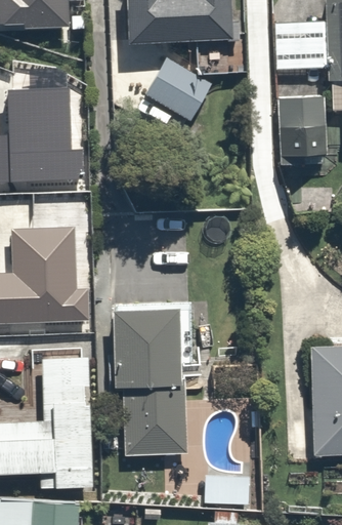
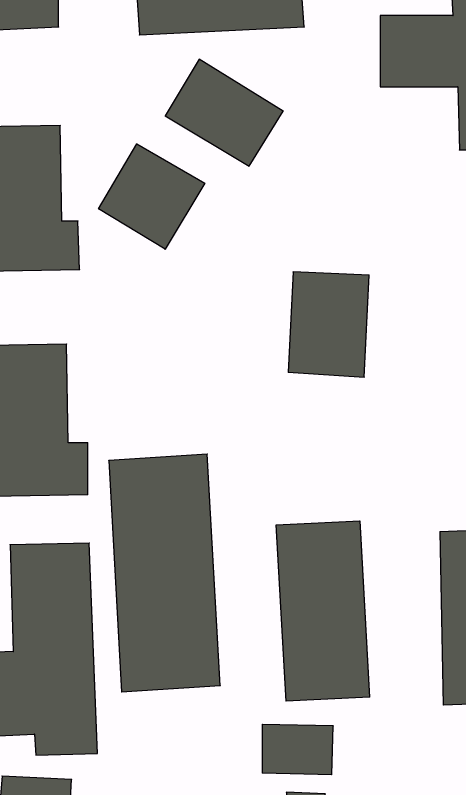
building: [271,91,323,158] -> [288,272,369,377]
building: none -> [99,144,205,249]
building: none -> [276,521,370,701]

